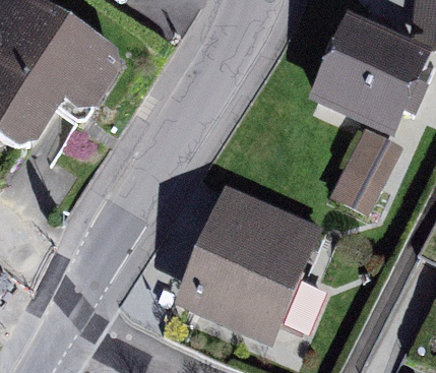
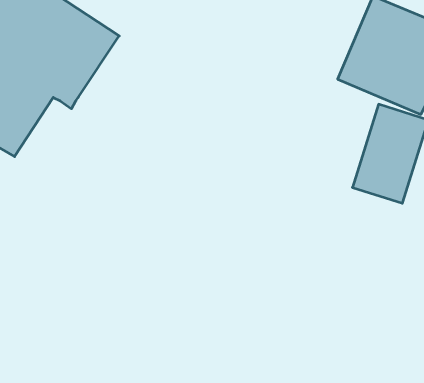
building: [191,194,314,332] -> none

